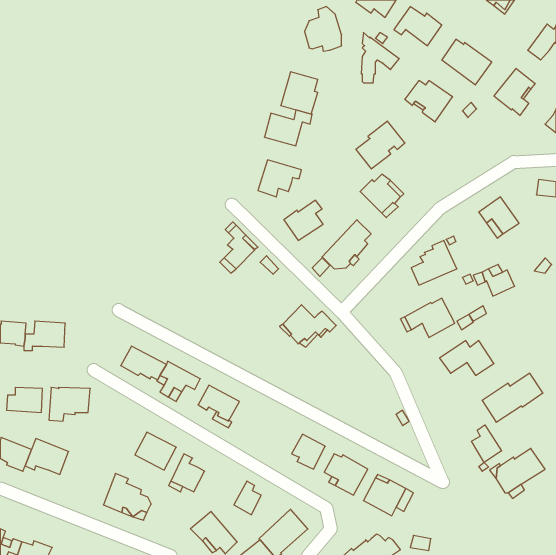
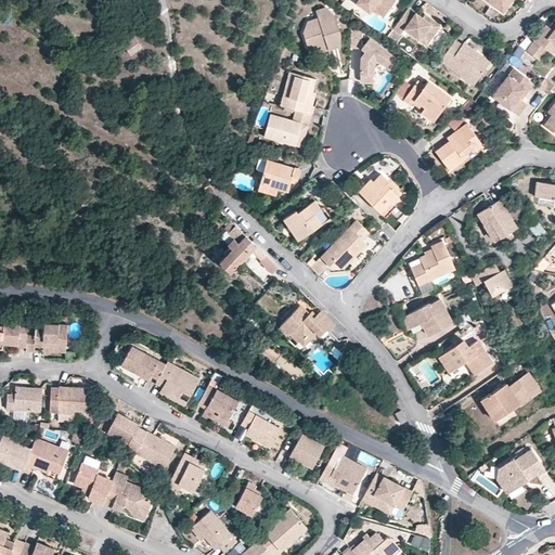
building: [356,121,405,169] -> [435,124,483,171]
building: none -> [241,411,281,449]
building: none -> [106,413,146,452]
building: [471,425,502,462] -> none
building: none -> [74,463,112,504]

